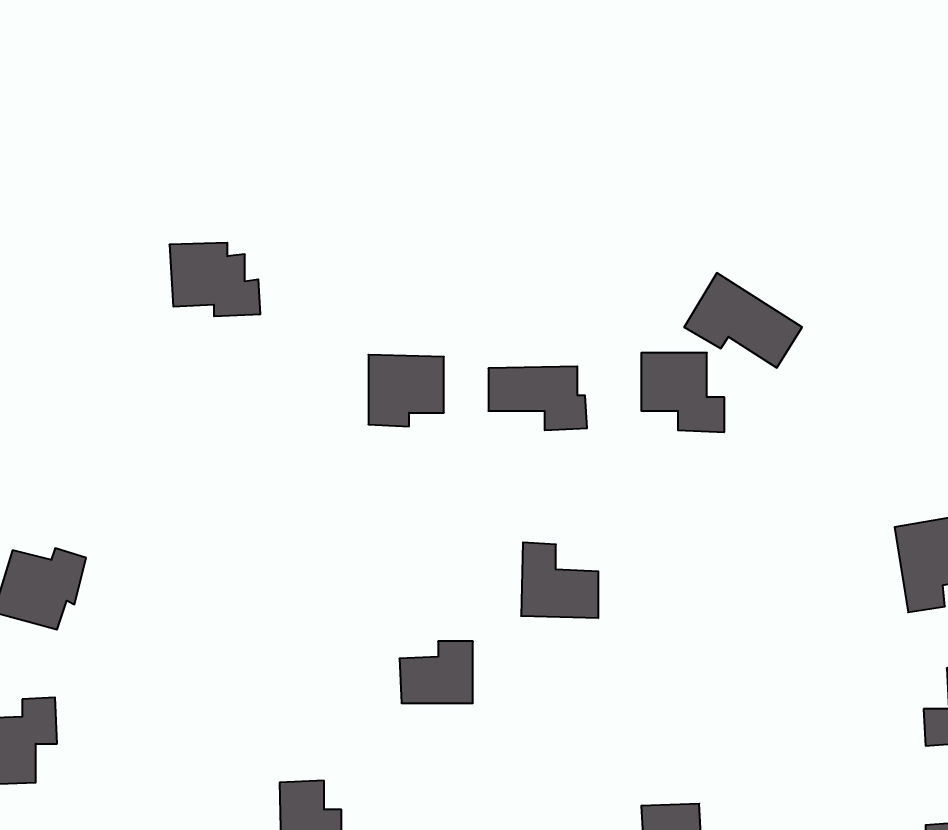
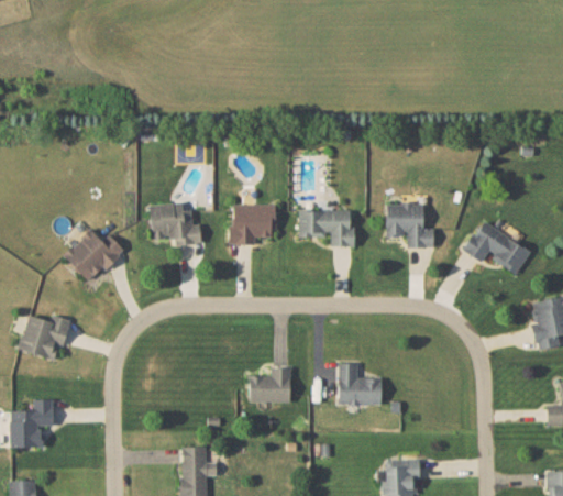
building: [169,243,260,316] -> [150,202,201,244]
building: [684,273,802,368] -> [463,220,530,274]
building: none -> [63,228,124,280]
building: [521,542,598,618] -> [338,362,382,405]

